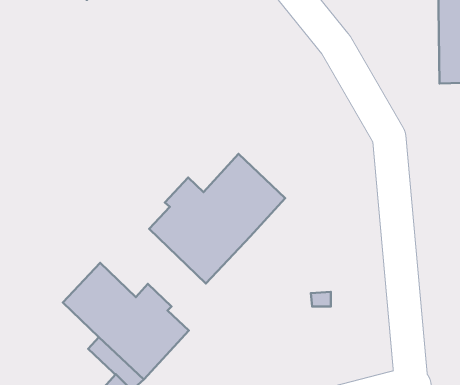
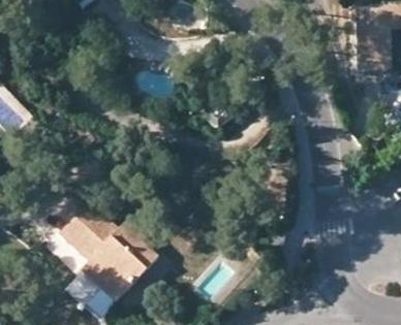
building: [149,154,285,284] -> none

